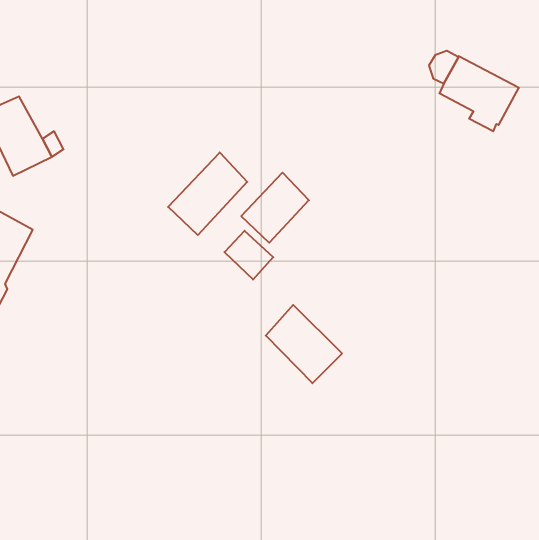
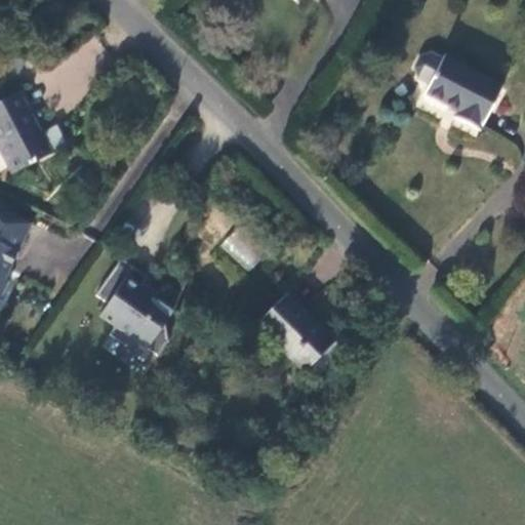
building: [168,152,247,235] -> none
building: [241,173,309,243] -> none
building: none -> [94,258,168,357]

